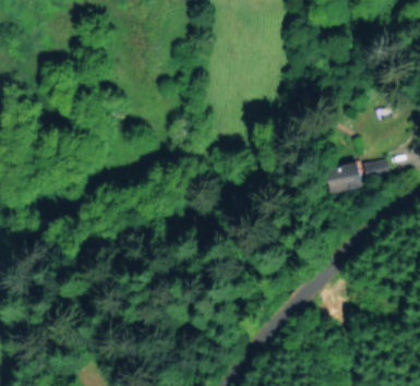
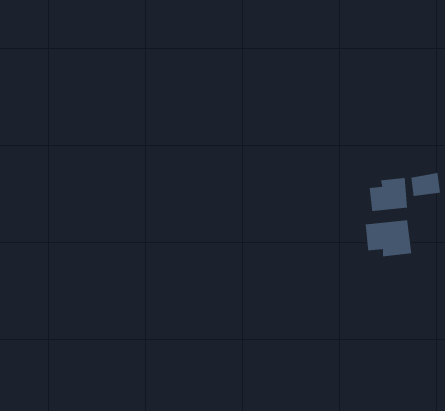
building: none -> [365,220,412,257]

